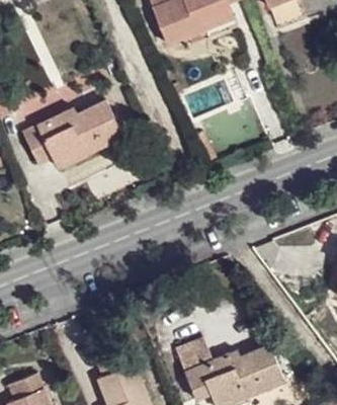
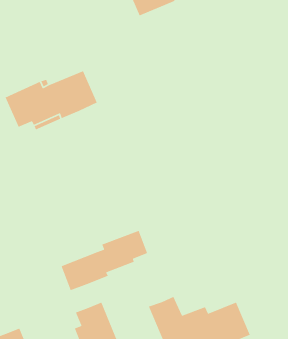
building: none -> [61,230,148,291]

